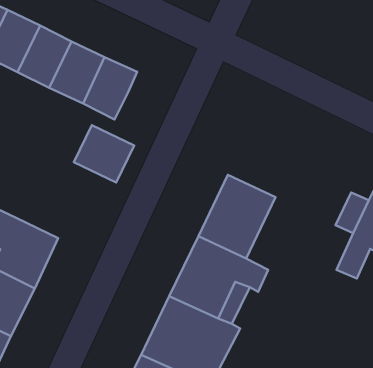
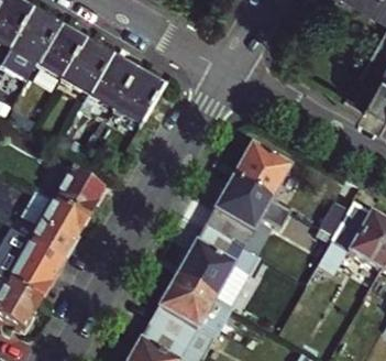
building: [74,125,134,182] -> [51,173,102,222]
building: none -> [231,146,288,203]

